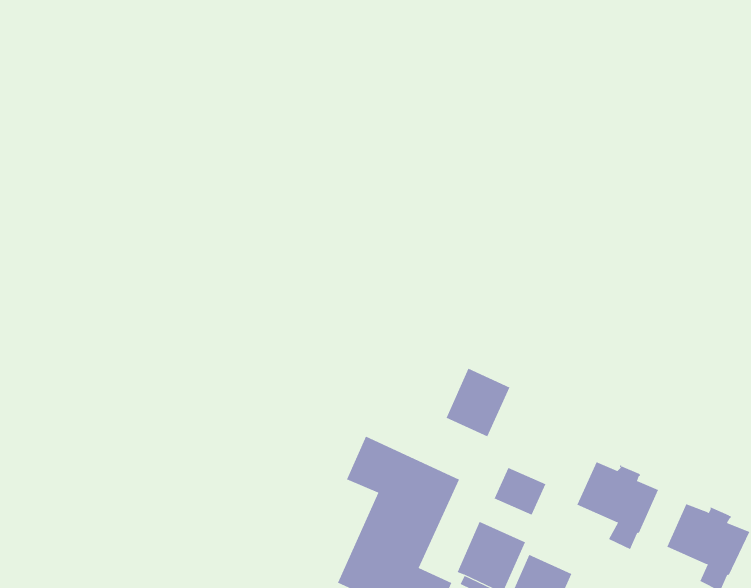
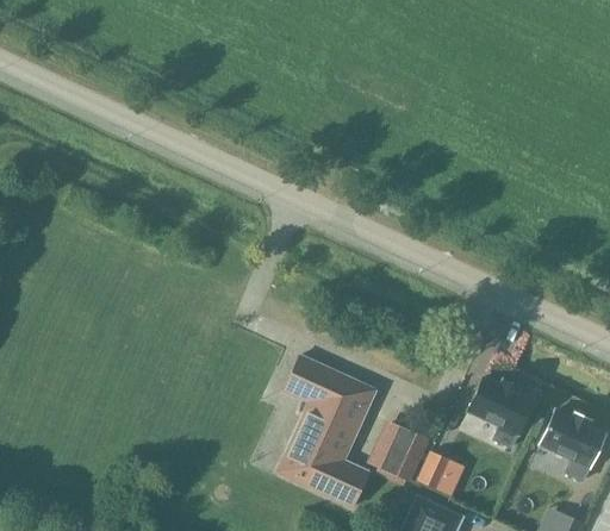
building: [446,368,510,437] -> none
building: [494,467,546,516] -> none

